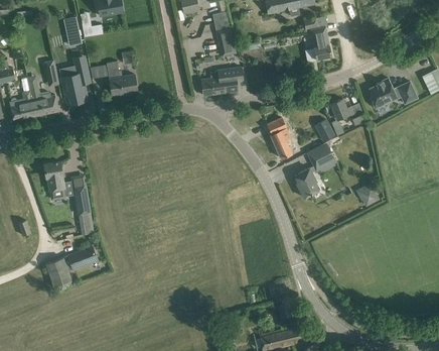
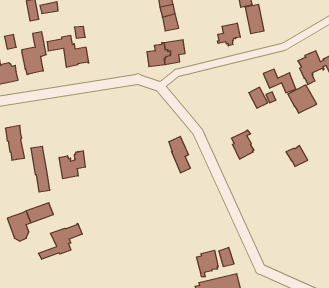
building: none -> [217,23,240,46]
building: [267,117,291,157] -> [169,136,190,173]
building: [305,142,337,173] -> [288,85,317,113]
building: none -> [59,151,85,179]
building: none -> [38,223,82,259]
building: none -> [197,250,218,277]

